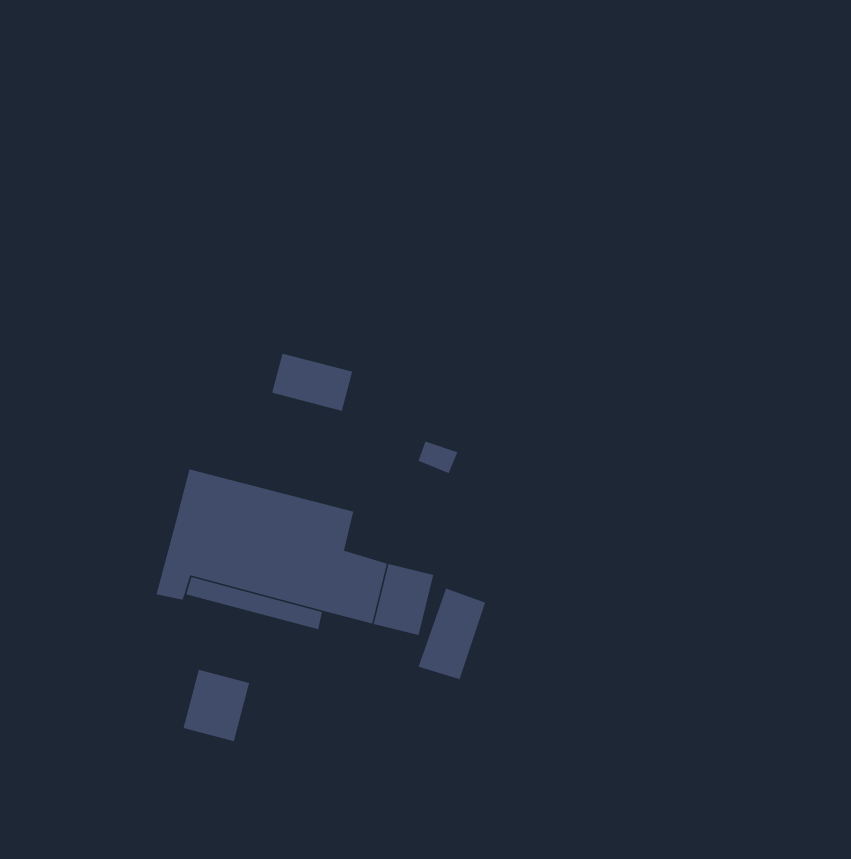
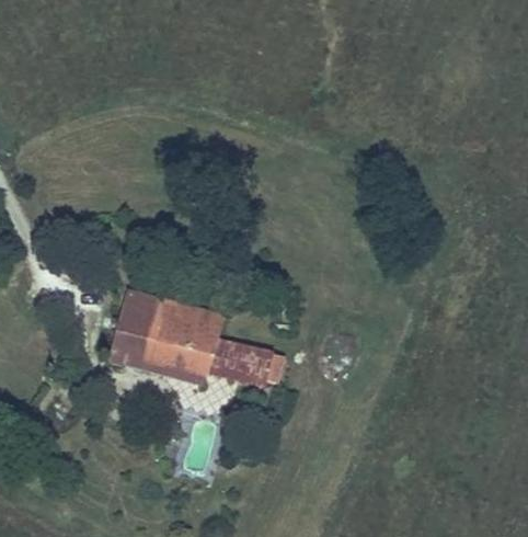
building: [271,353,353,412] -> none
building: [183,669,250,742] -> none

